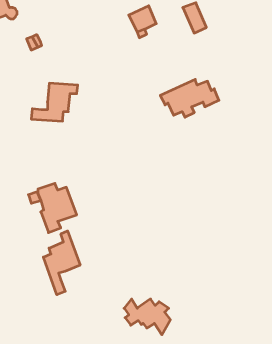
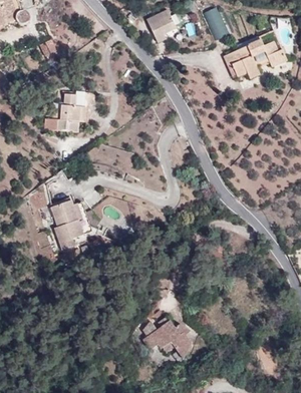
building: [160,79,219,117] -> [224,39,286,79]
building: [43,231,80,295] -> none

